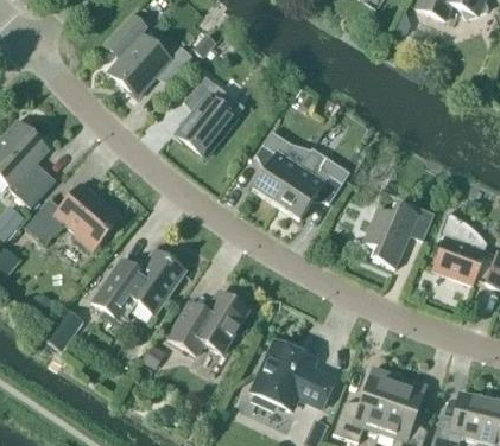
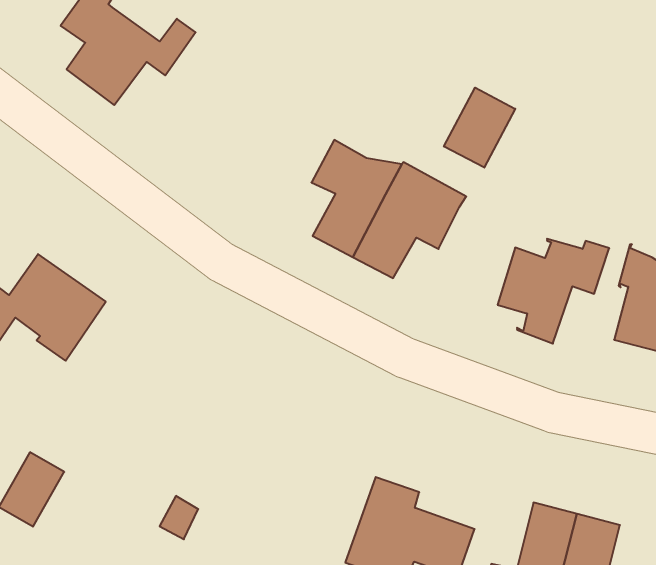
building: [177,75,236,155] -> none
building: none -> [444,88,515,168]
building: [93,248,186,321] -> none
building: [169,291,249,353] -> none

